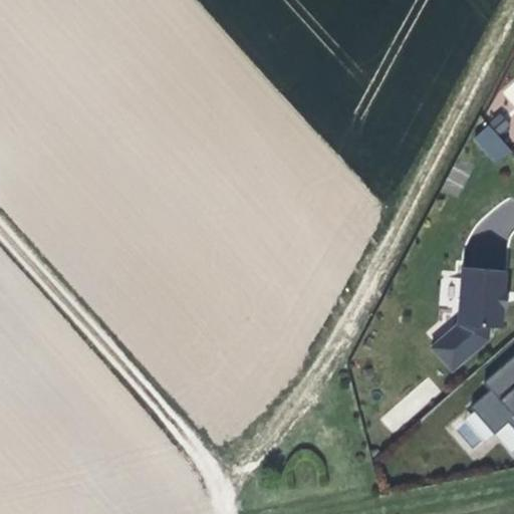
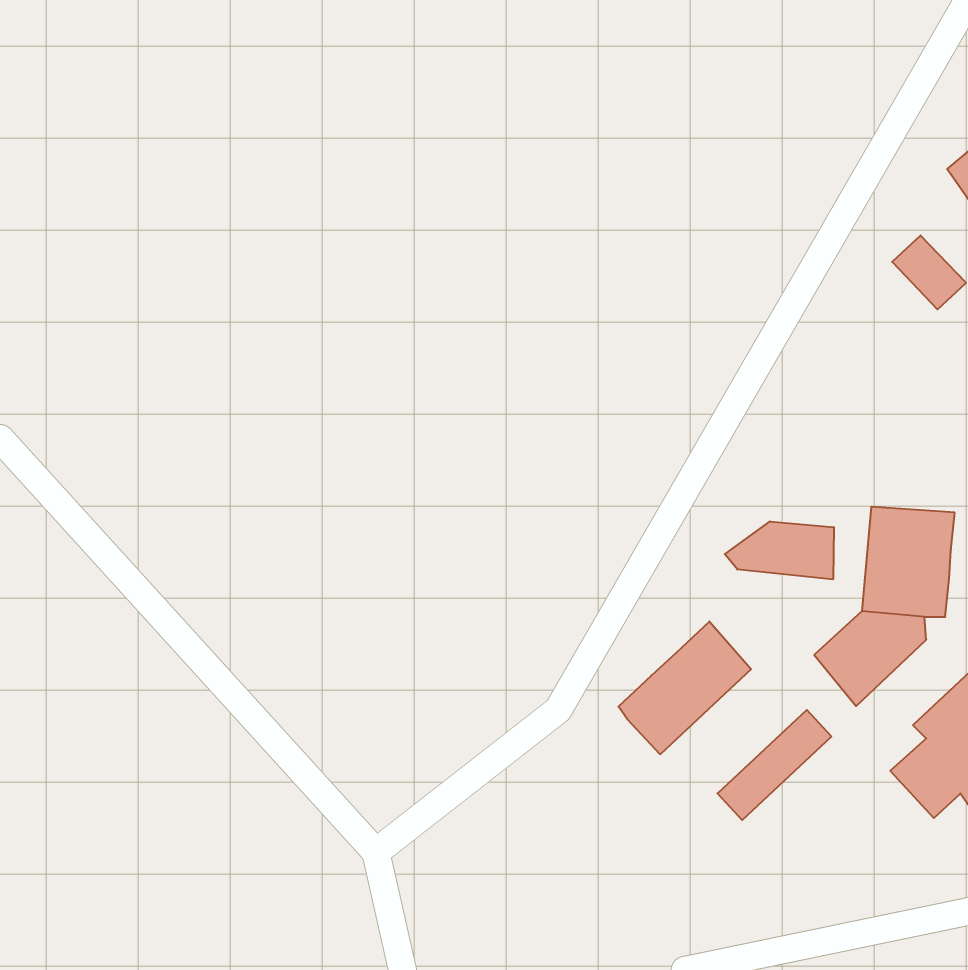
building: none -> [725,521,834,579]
building: none -> [618,621,751,754]

